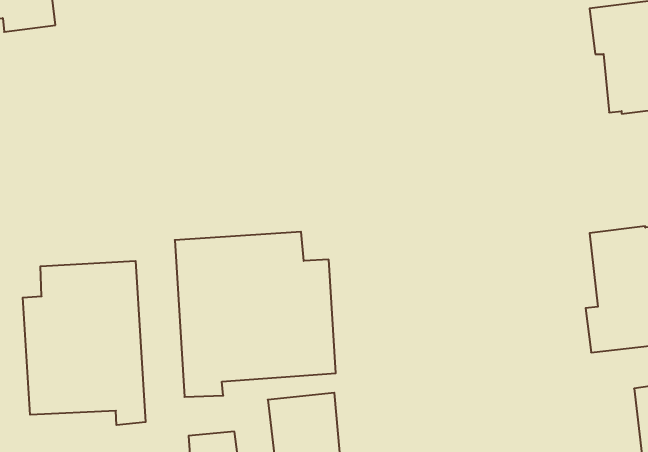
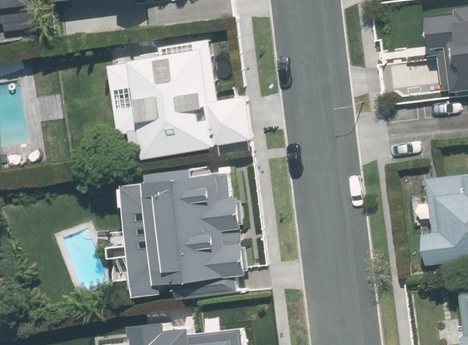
building: none -> [111,49,249,158]
building: [23,261,146,425] -> none

